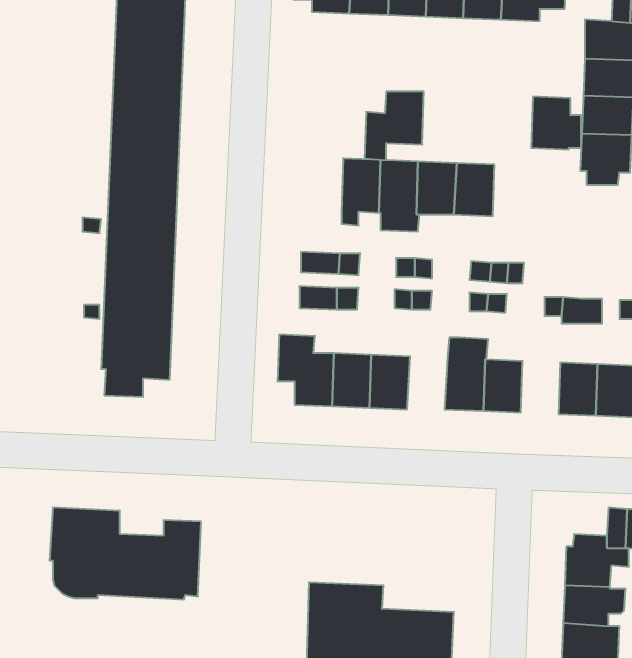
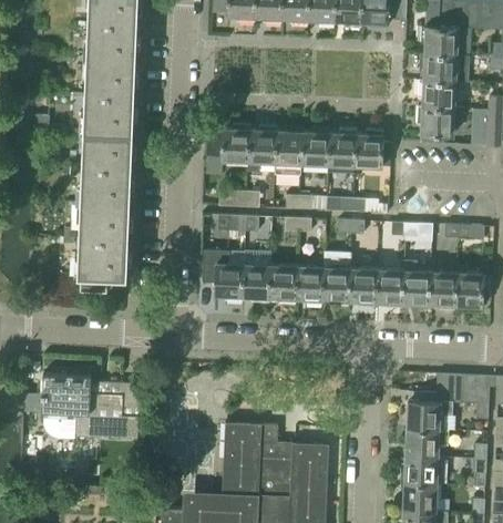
building: [364,92,424,160] -> [207,124,249,173]
building: [531,97,581,150] -> [356,129,391,166]
building: none -> [295,265,324,302]
building: none -> [376,268,403,306]

